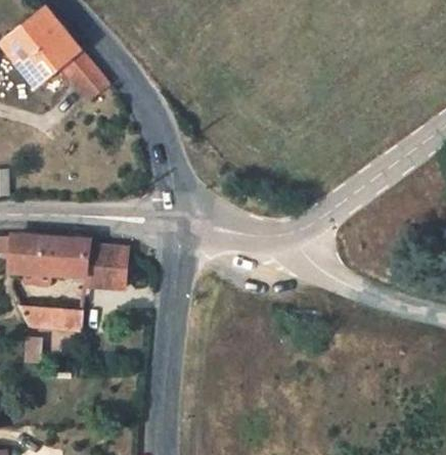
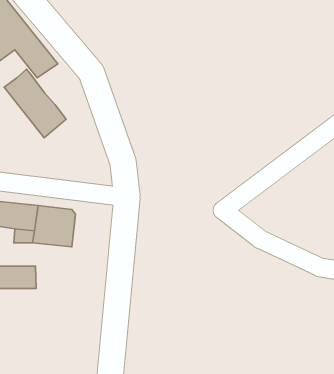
building: none -> [4,69,66,138]

